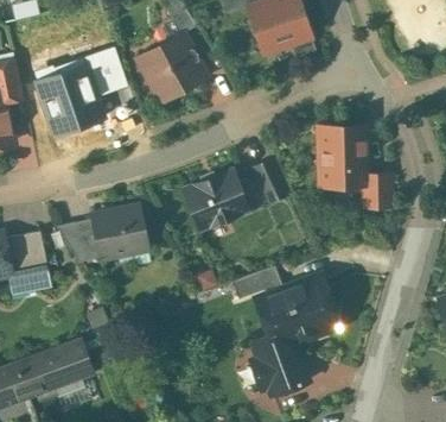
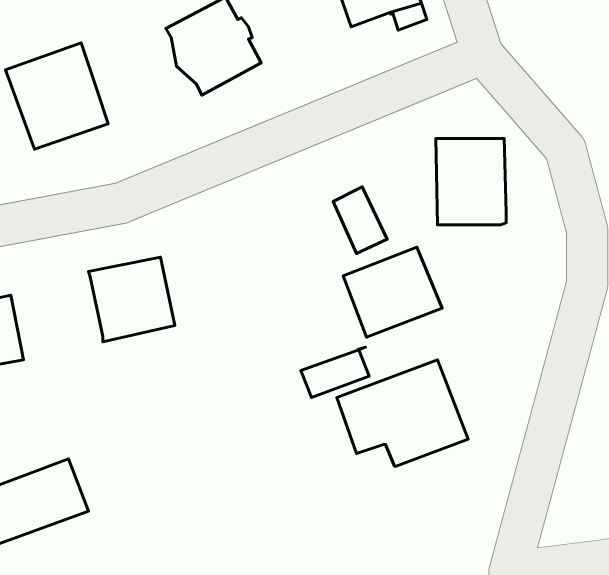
building: [83,46,127,96] -> none
building: [183,170,248,229] -> [343,247,442,337]
building: [362,175,390,207] -> none
building: [55,219,100,263] -> none
building: [251,329,307,395] -> none

